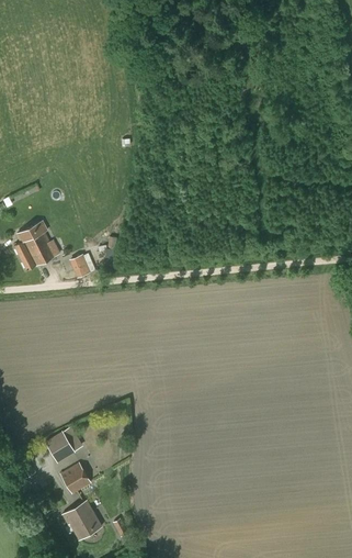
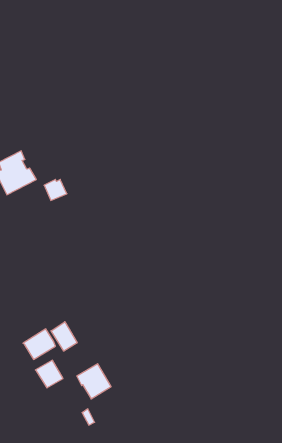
building: none -> [51,322,77,351]
building: [63,499,102,539] -> [77,364,111,399]

